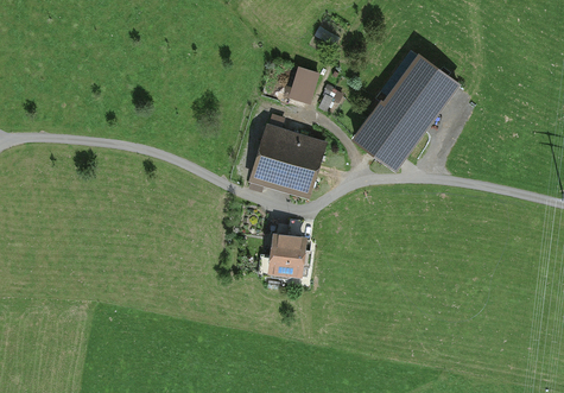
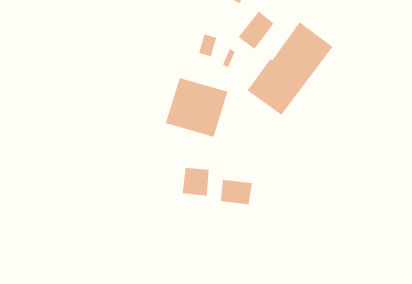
building: none -> [238,10,275,50]
building: none -> [220,179,253,205]

